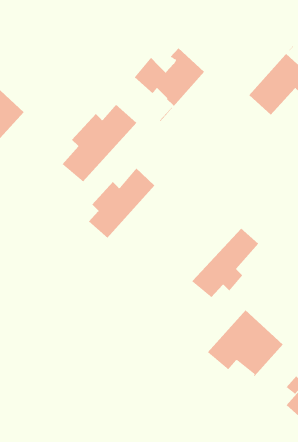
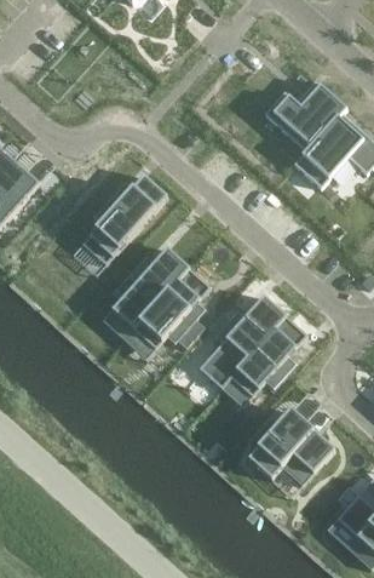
building: [134,47,205,122] -> [263,80,344,165]
building: none -> [132,268,208,349]
building: none -> [197,296,284,388]

